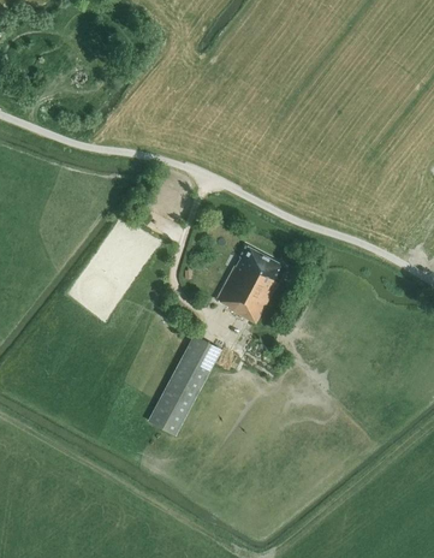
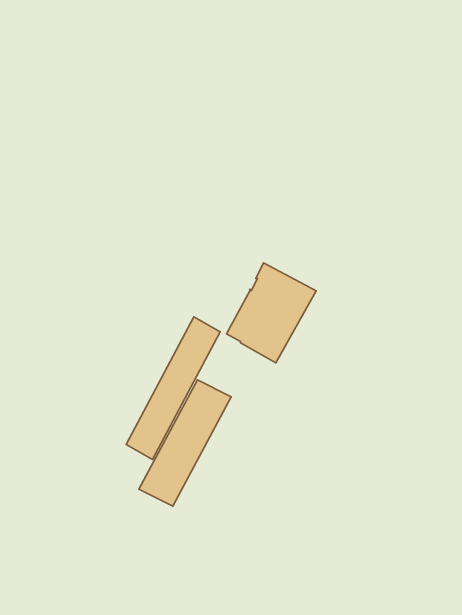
building: none -> [126,317,220,460]

